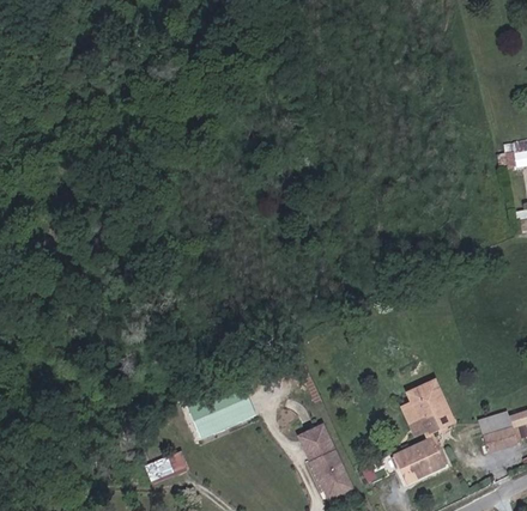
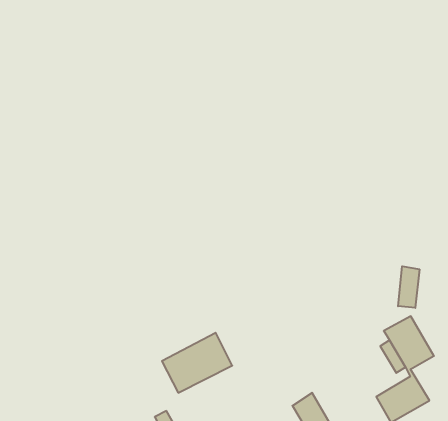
building: none -> [398,266,419,308]
building: [298,425,331,460] -> none

